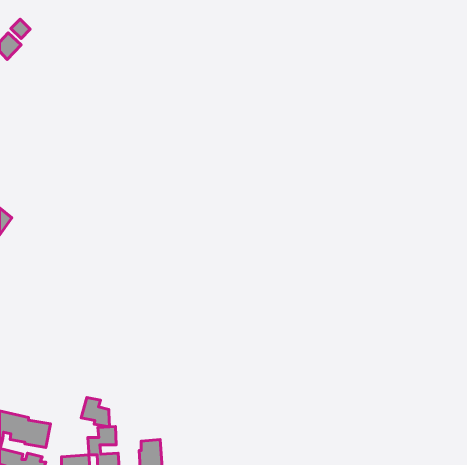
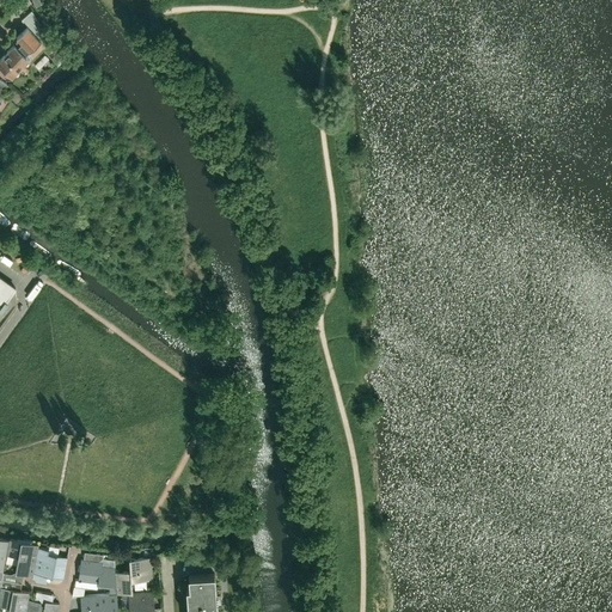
building: [81,398,110,427] -> [79,556,116,594]

